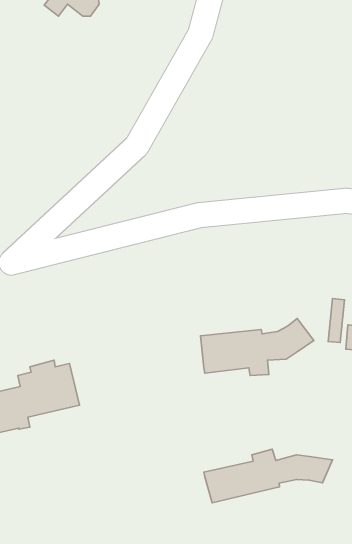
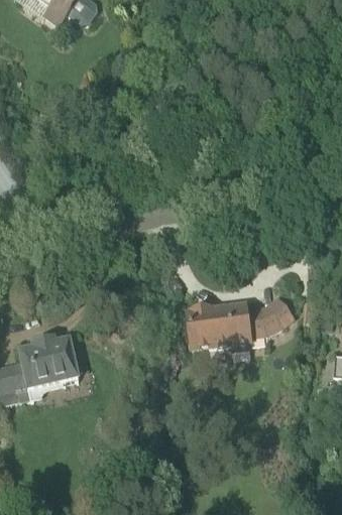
building: [204,449,333,503] -> none

